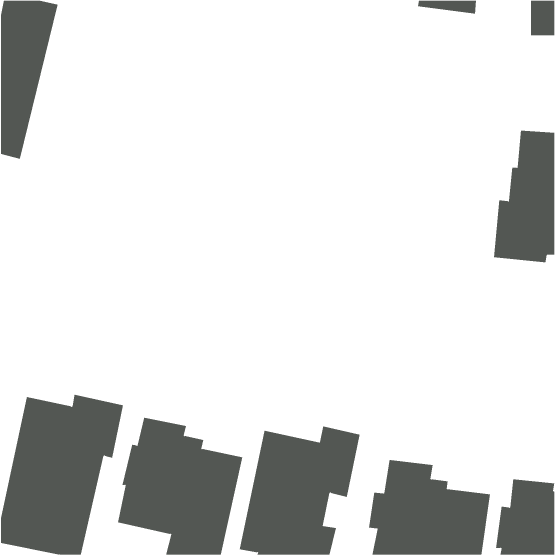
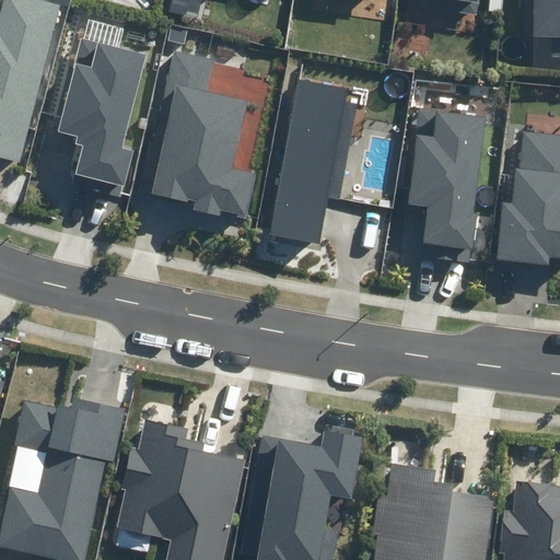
building: none -> [57,37,145,197]
building: none -> [152,50,256,214]
building: none -> [269,80,358,244]
building: none -> [406,108,486,260]

